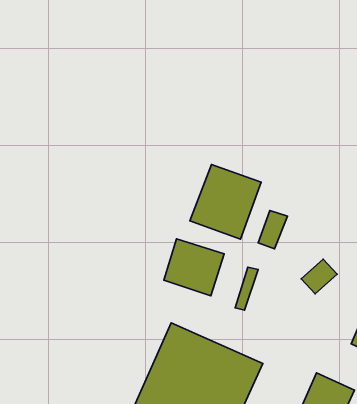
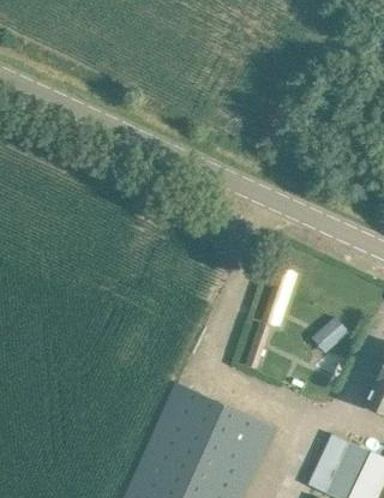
building: [190,165,261,239] -> none
building: [164,239,224,296] -> none

